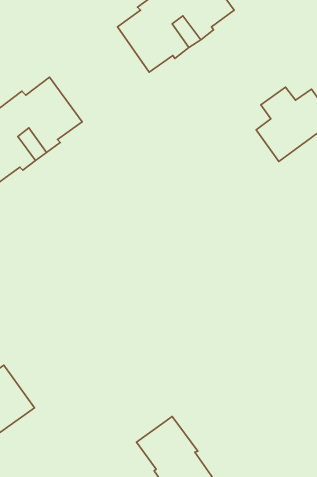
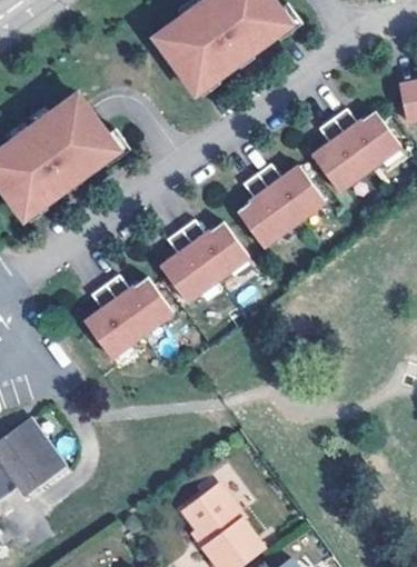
building: none -> [236,163,324,247]
building: none -> [160,219,248,302]
building: none -> [85,275,172,358]

